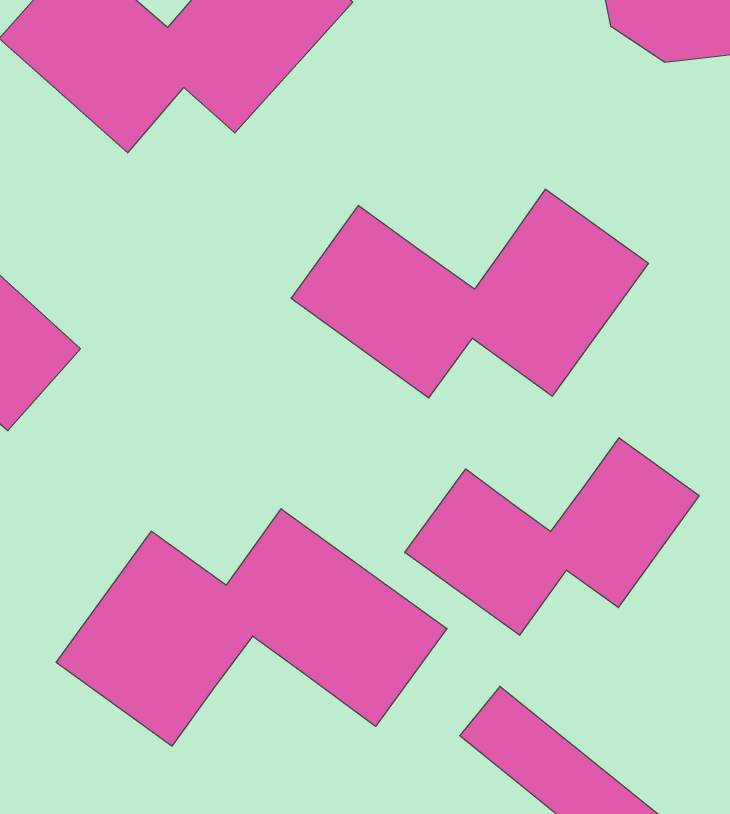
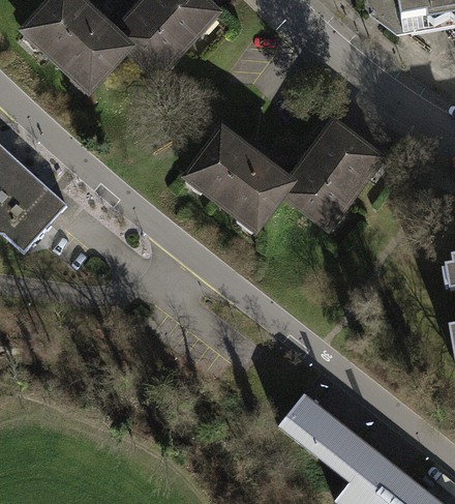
building: [405,438,699,635] -> none
building: [56,509,447,746] -> none

